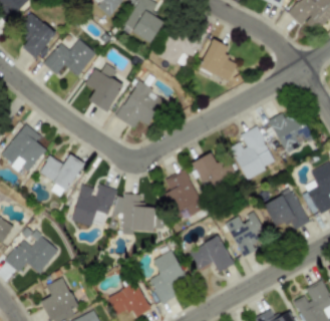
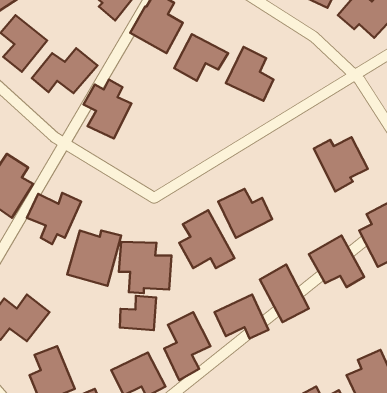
building: [116,79,160,127] -> none
building: [231,126,275,178] -> none
building: none -> [120,296,156,330]

